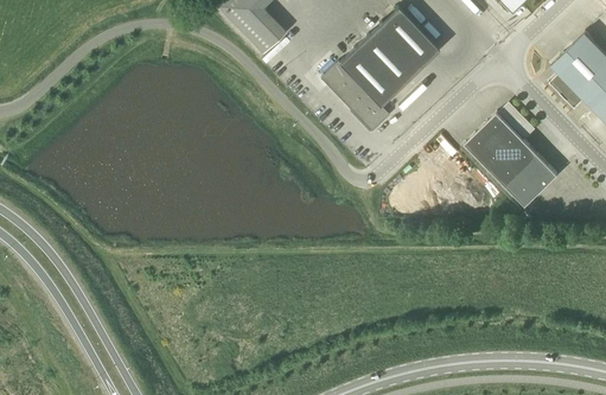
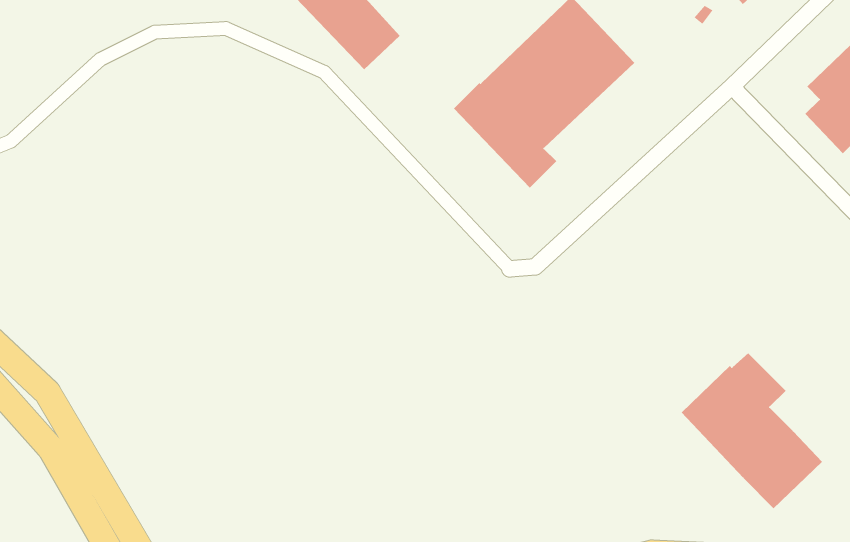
building: [466,106,559,208] -> [681,353,823,509]

